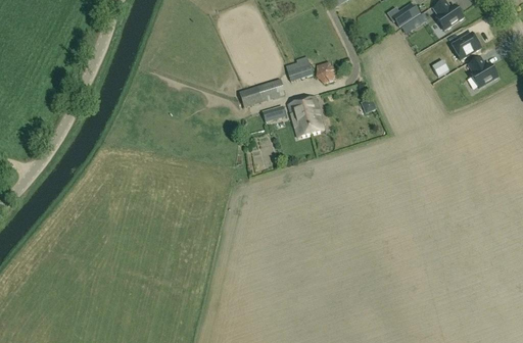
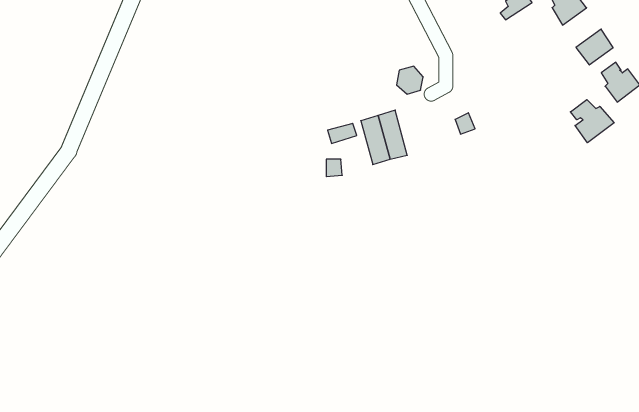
building: [286,59,313,81] -> none
building: [239,79,285,107] -> none
building: none -> [570,100,614,143]

